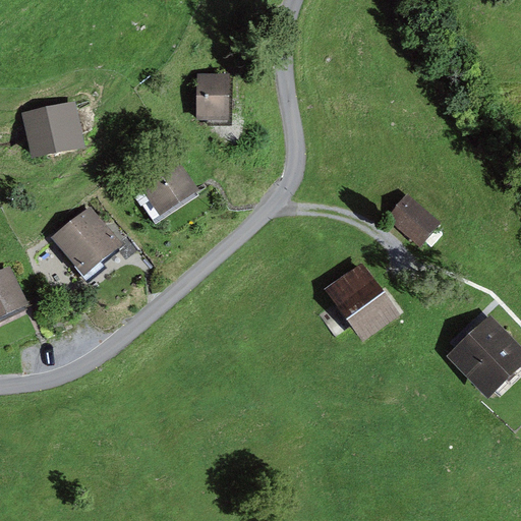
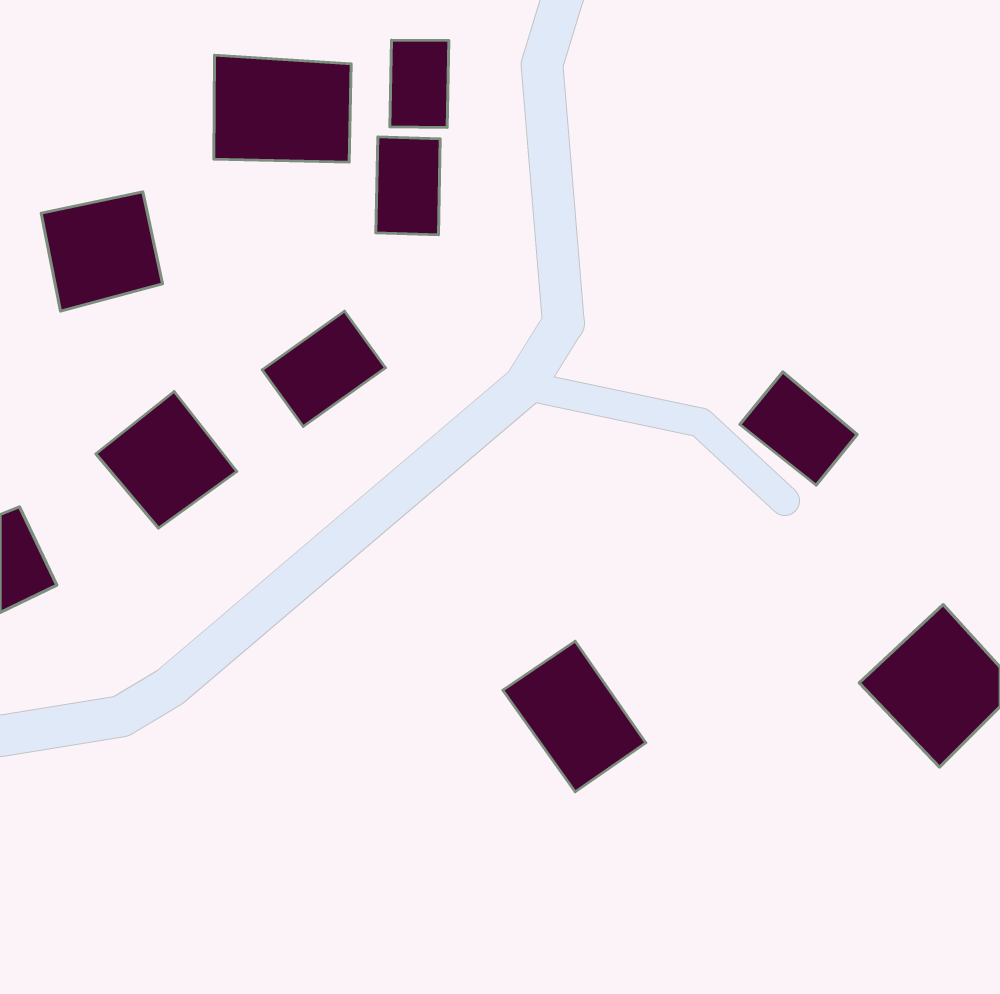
building: none -> [390,40,449,127]
building: none -> [214,55,351,162]
building: [324,263,398,341] -> [503,641,646,792]

